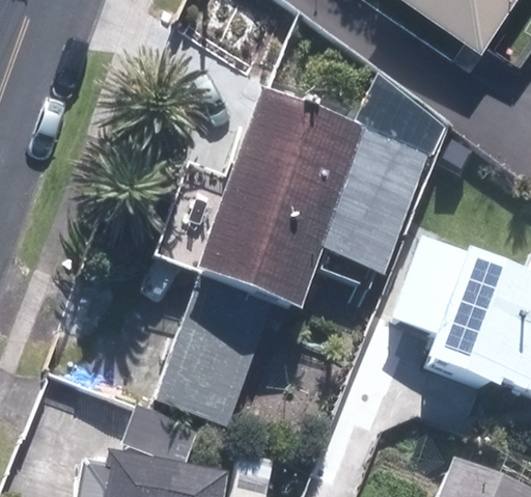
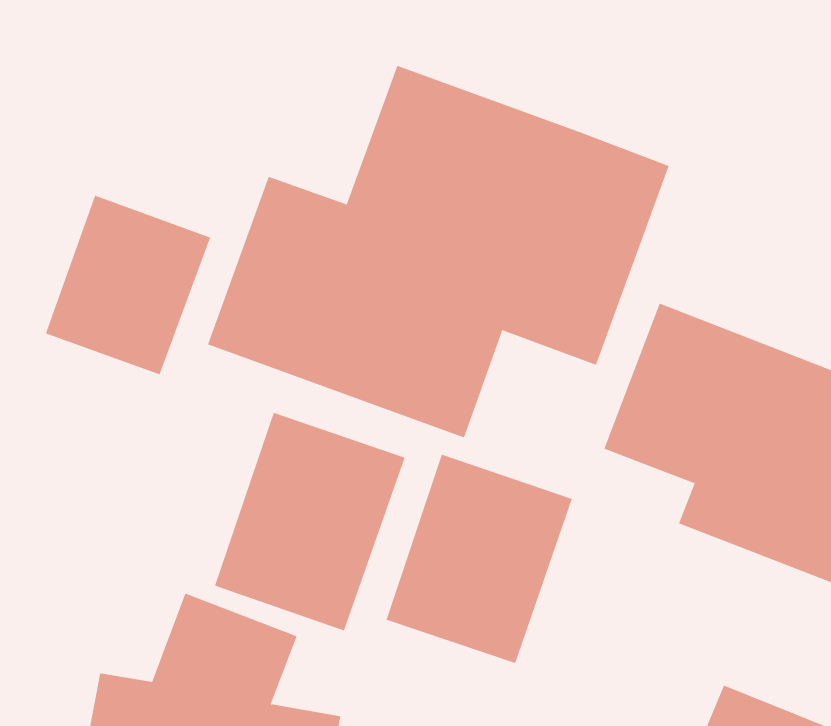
building: none -> [45,195,211,375]
building: none -> [386,454,572,664]

